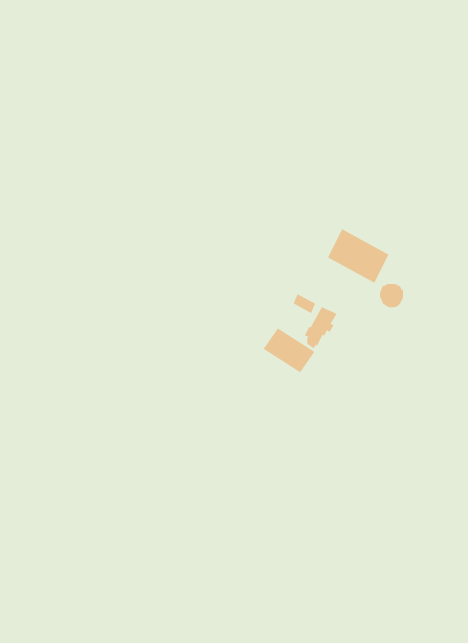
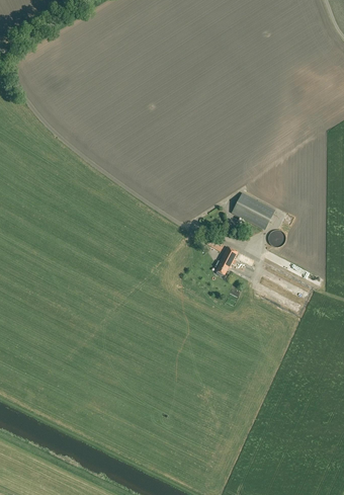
building: [263,327,315,373] -> none

